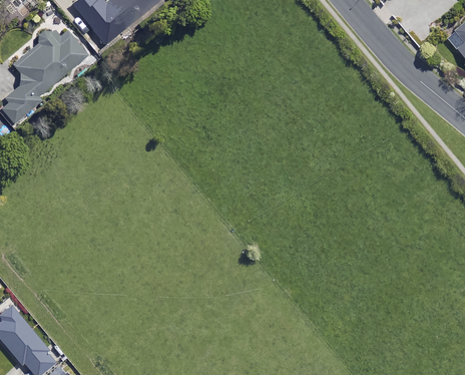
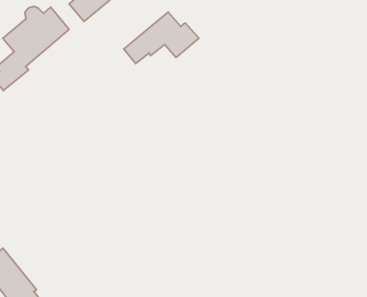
building: none -> [124,12,199,64]

